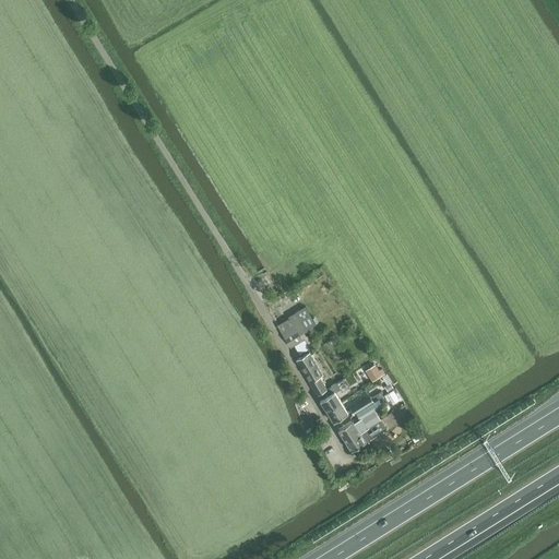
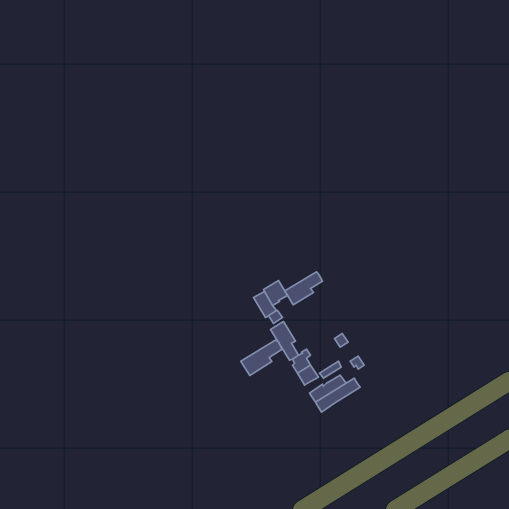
building: none -> [285,272,323,305]
building: none -> [241,340,282,376]

